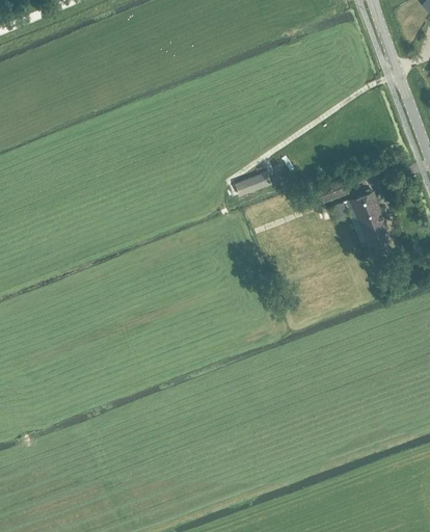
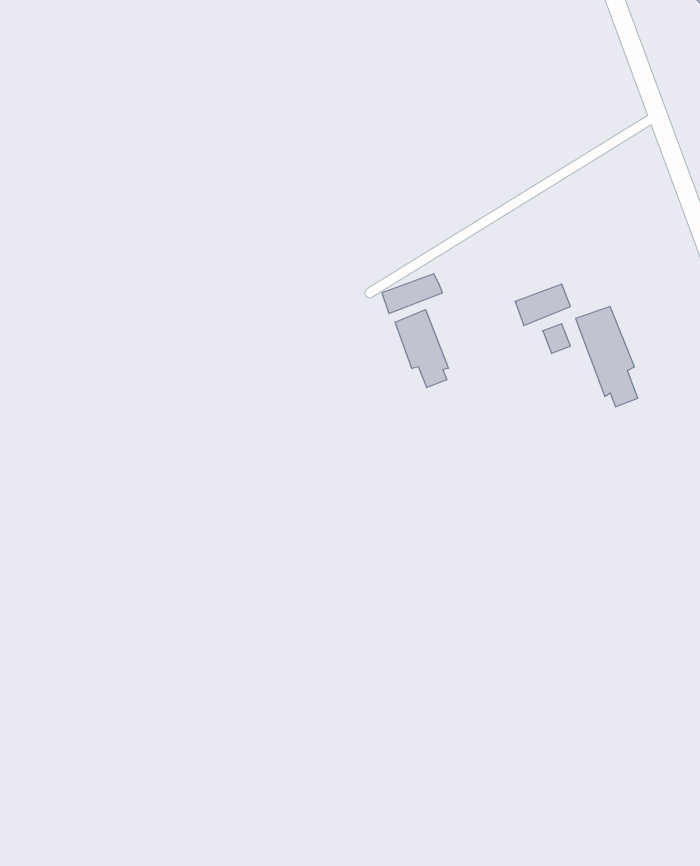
building: none -> [395,310,448,388]

